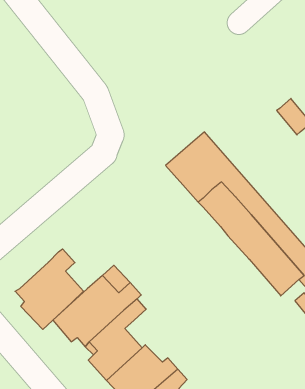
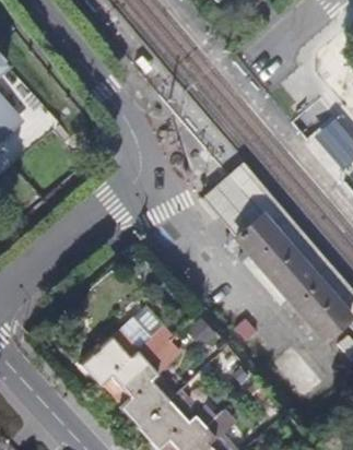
building: [15,249,84,329] -> none

